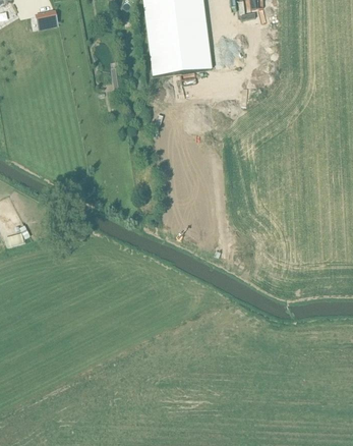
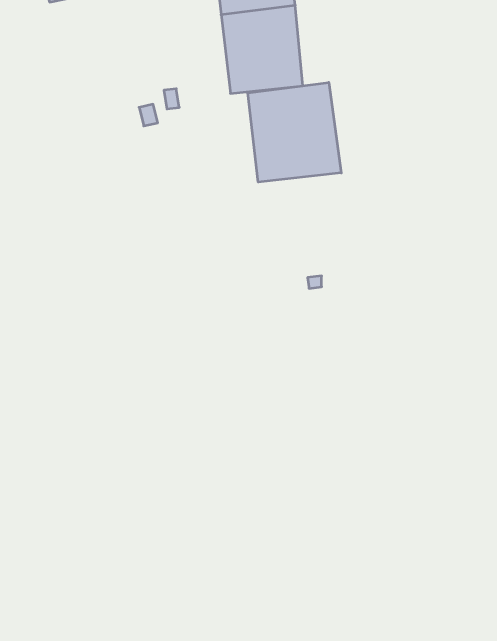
building: none -> [248,82,341,182]

